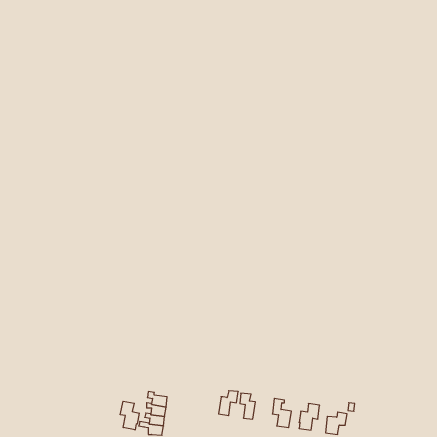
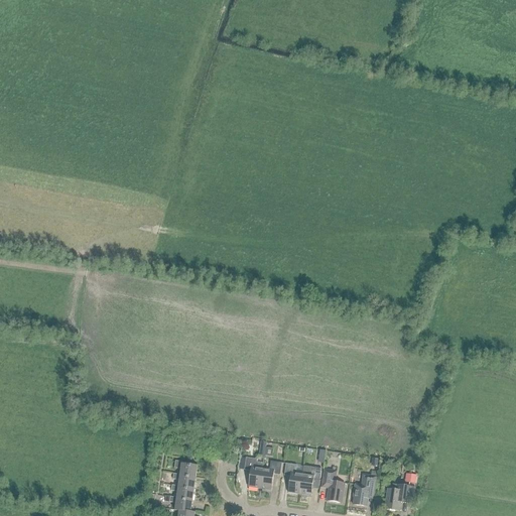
building: none -> [243,457,263,487]
building: none -> [297,466,319,495]
building: [120,401,139,430] -> none

